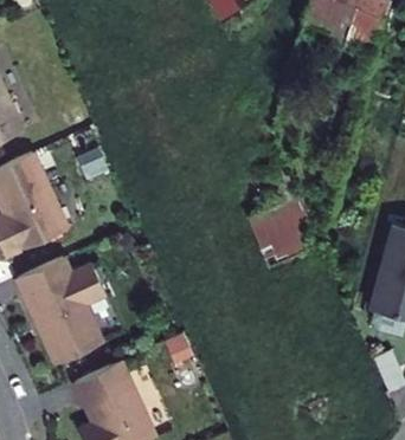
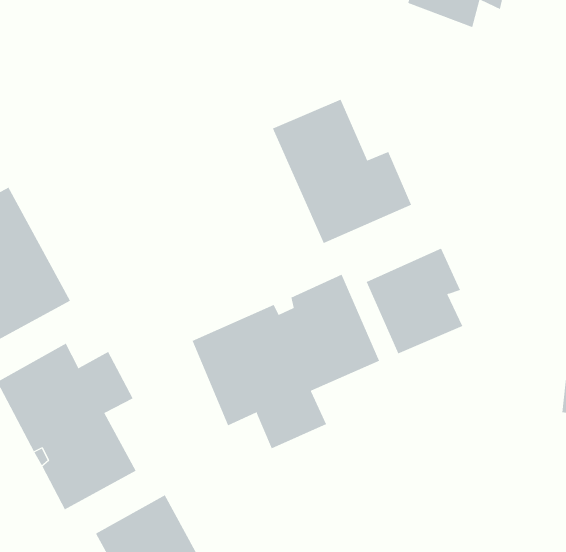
building: none -> [272,99,412,244]
building: none -> [192,274,380,449]

